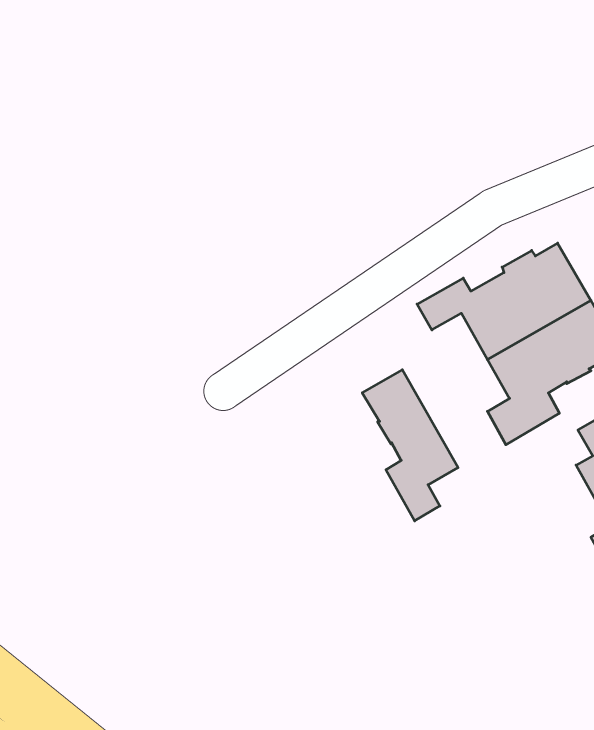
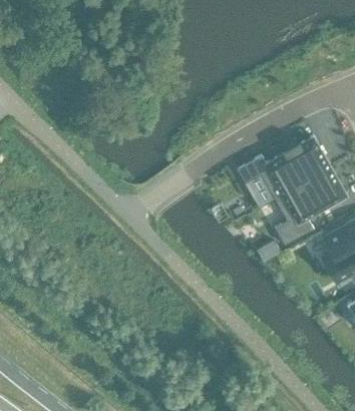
building: [362,370,458,521] -> none

